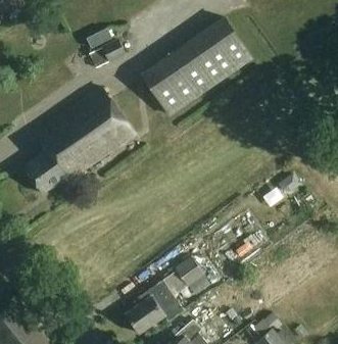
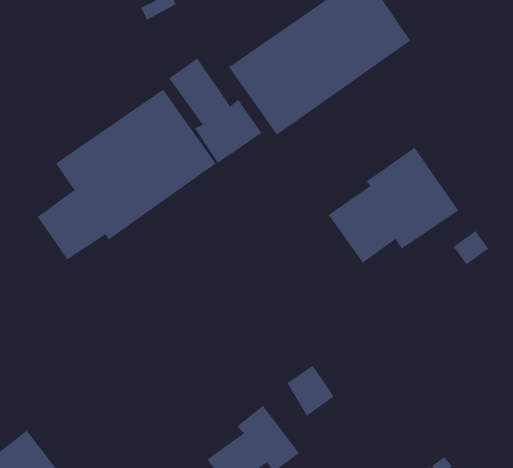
building: none -> [169,58,262,164]
building: none -> [328,147,459,264]

